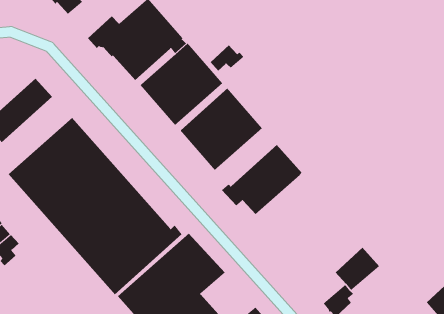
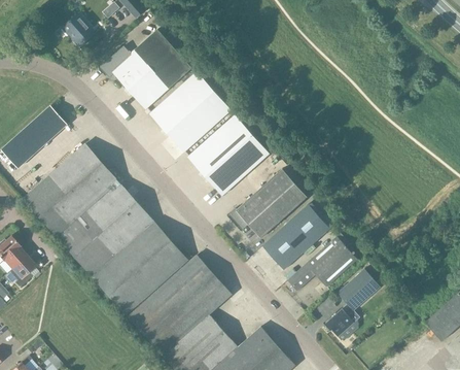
building: [210,44,244,71] -> none
building: none -> [262,205,330,270]
building: none -> [288,237,357,292]

